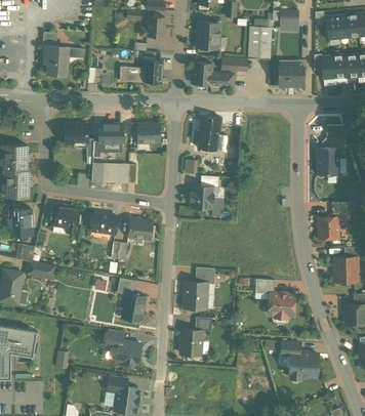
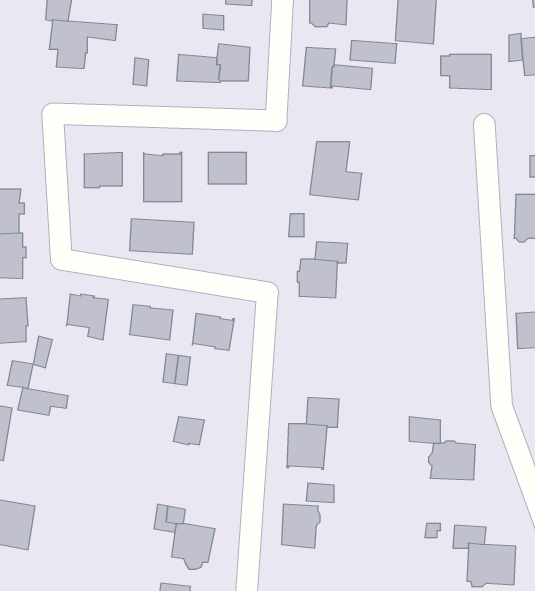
building: [122,293,146,320] -> none

